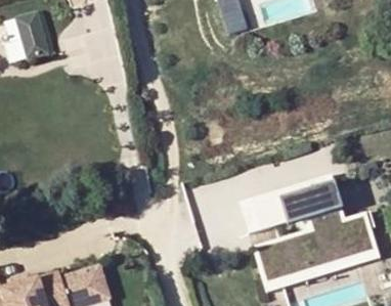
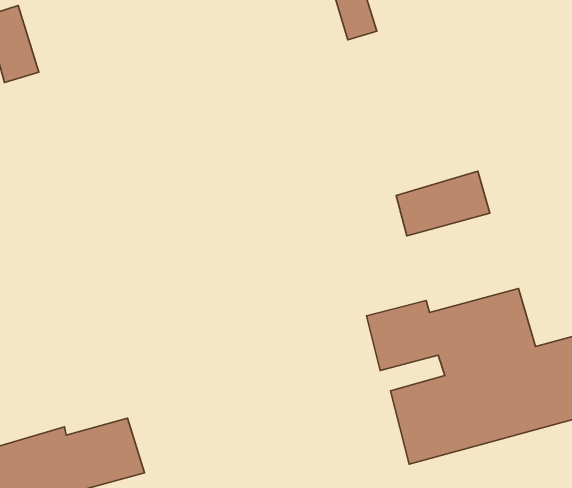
building: none -> [396,171,490,236]

